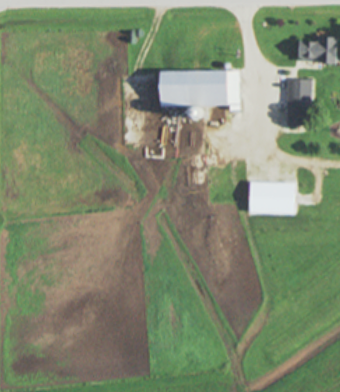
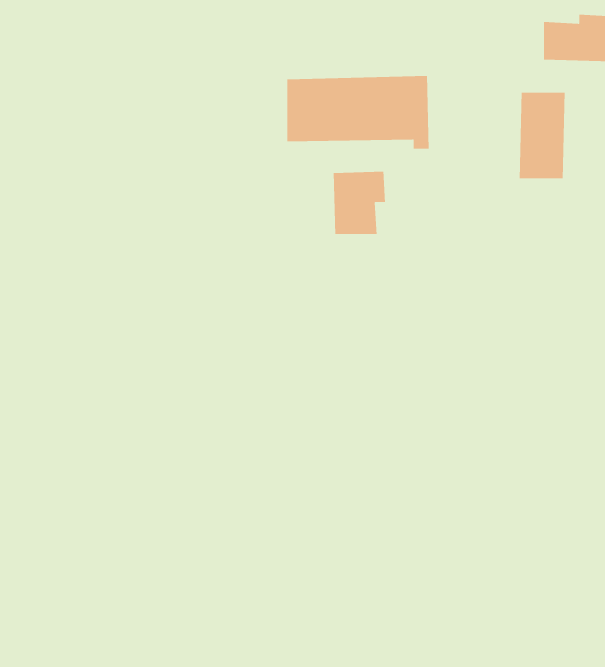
building: none -> [333,171,386,235]
building: [249,182,294,214] -> none

